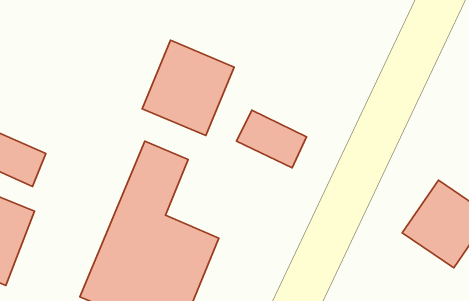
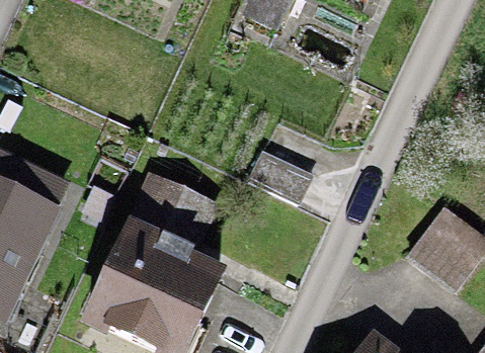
building: [142,40,234,136] -> none

